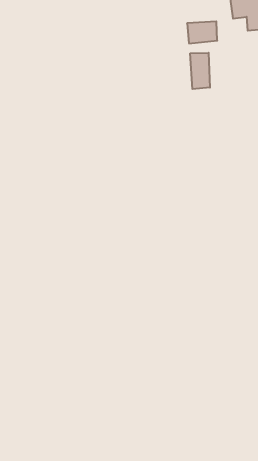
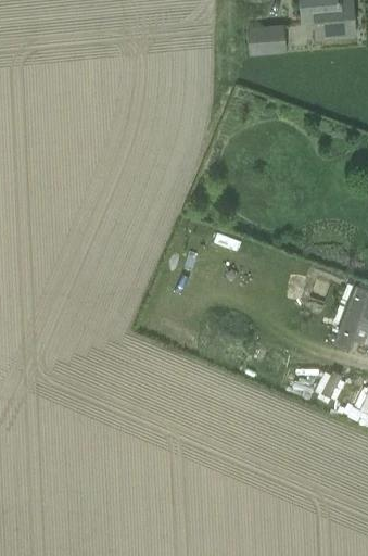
building: [190,53,210,89] -> none

